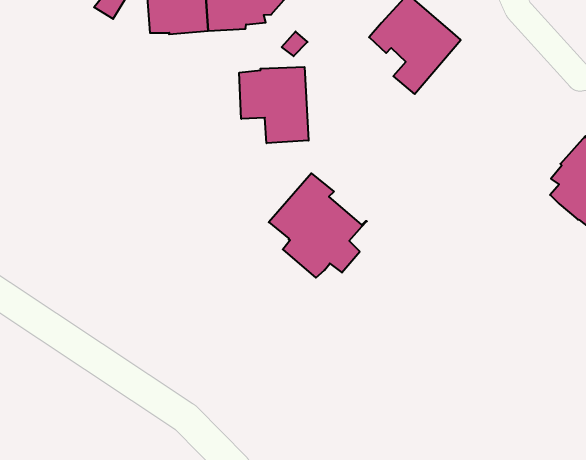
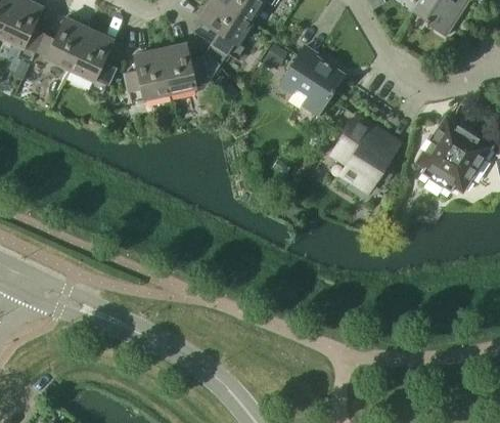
building: [239,67,309,143] -> none
building: [269,173,367,278] -> [332,116,400,187]

